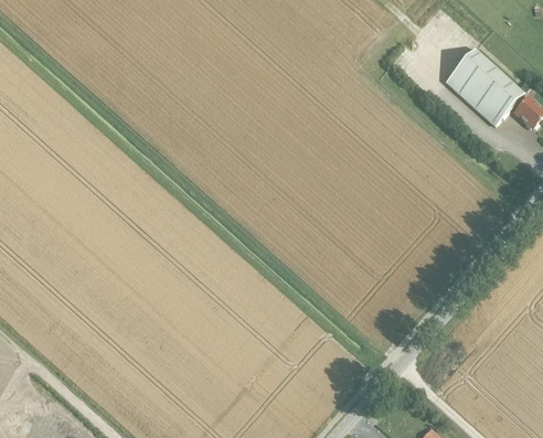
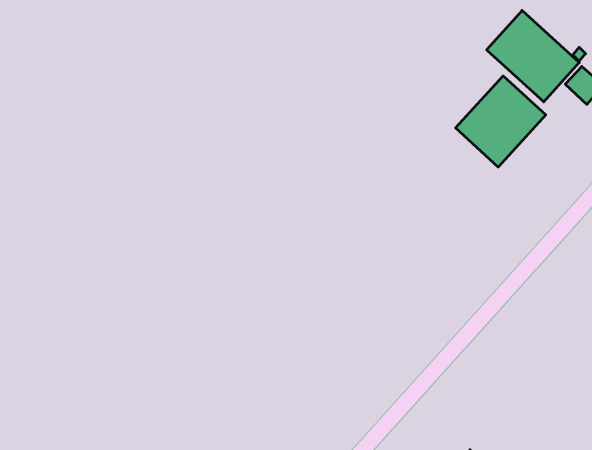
building: none -> [456,76,546,167]

